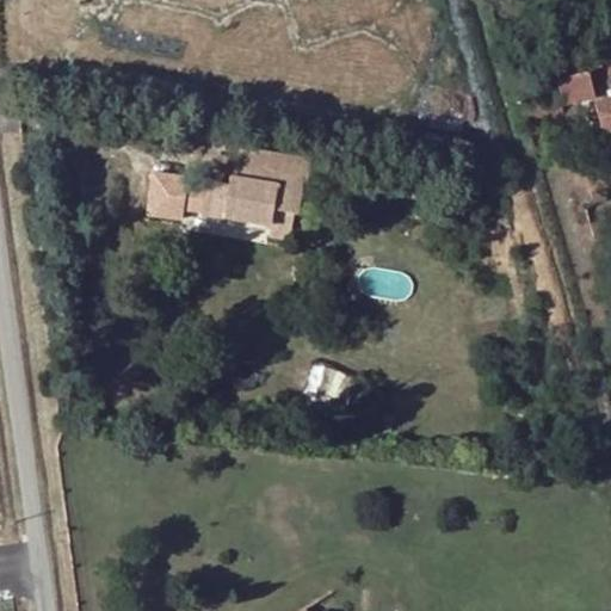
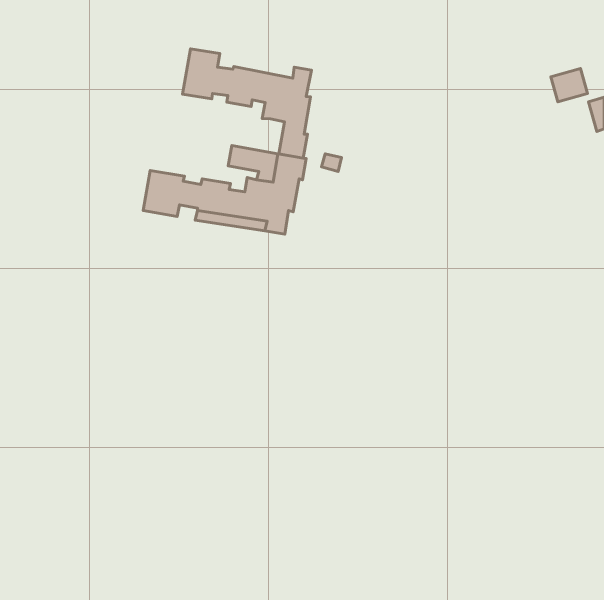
building: none -> [183,49,311,158]

